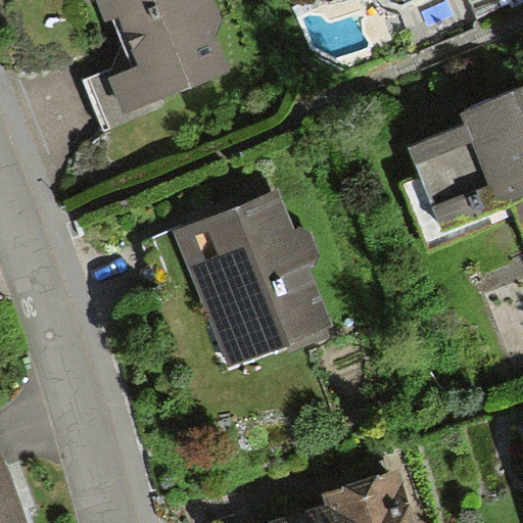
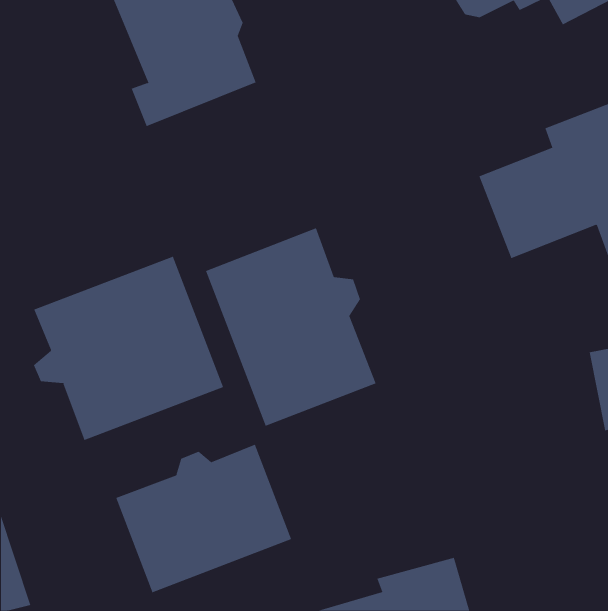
building: none -> [33,256,224,441]
building: none -> [115,444,292,593]

